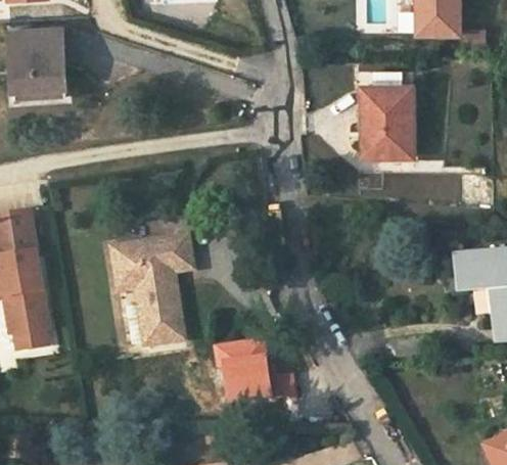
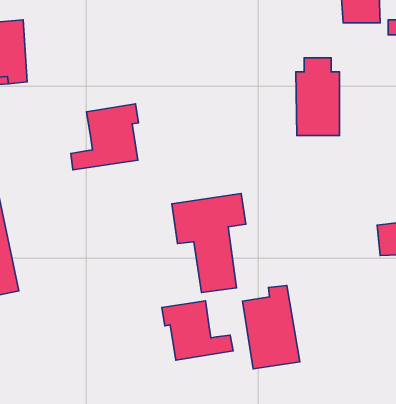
building: none -> [71,104,139,170]
building: [110,238,192,347] -> [172,194,246,293]
building: none -> [242,285,300,369]

